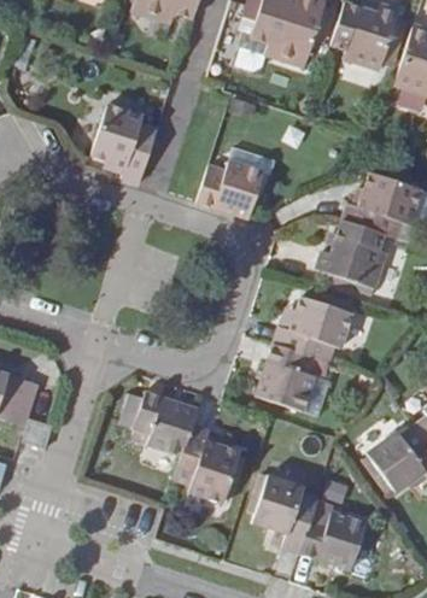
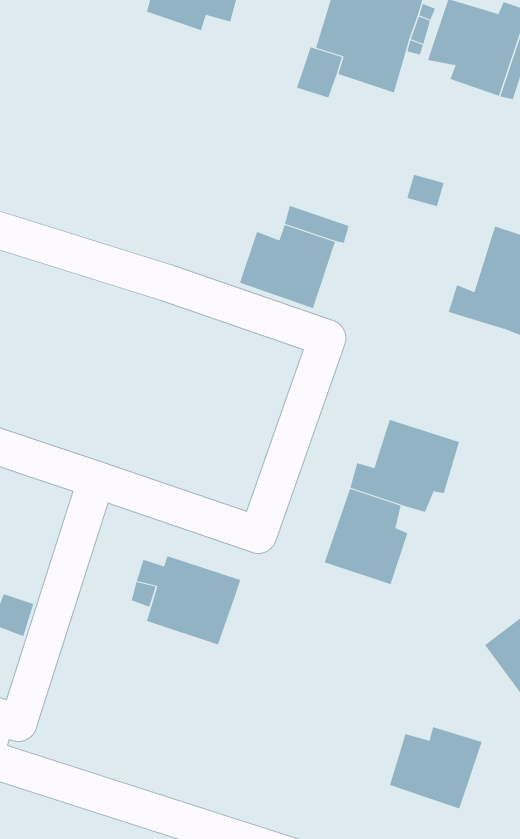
building: [90,105,157,184] -> none
building: [316,222,387,288] -> none
building: [175,423,240,502] -> none
building: [253,475,318,552] -> none

